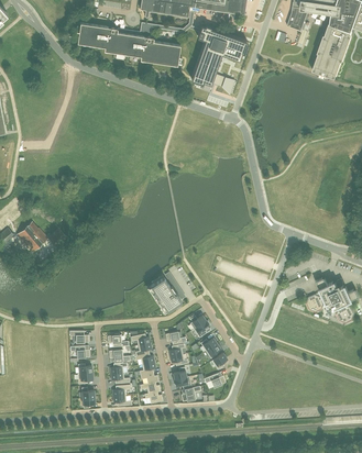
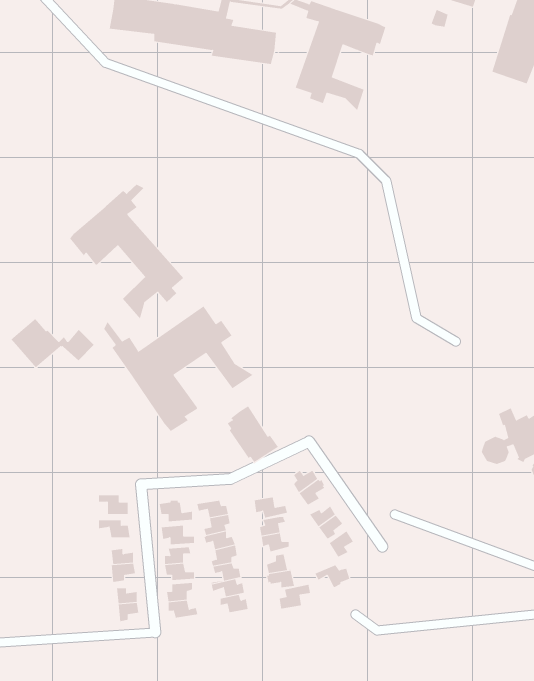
building: none -> [69,184,184,319]
building: none -> [103,305,254,432]

